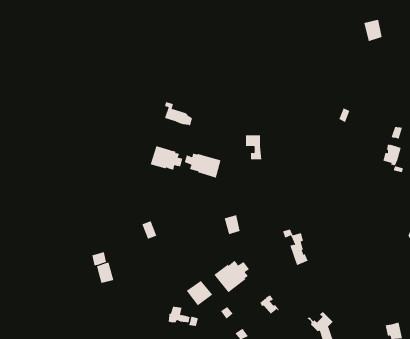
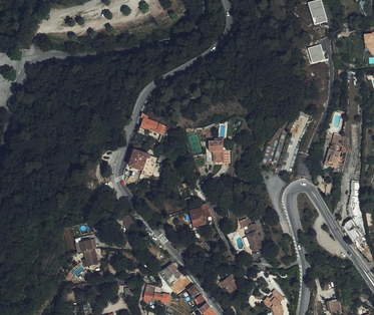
building: [184,153,221,178] -> none
building: [214,260,250,293] -> none

